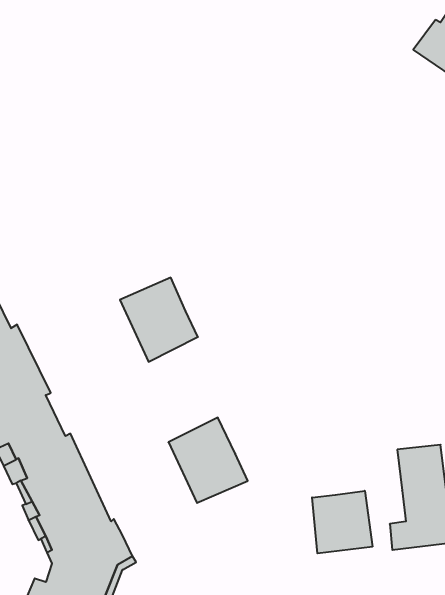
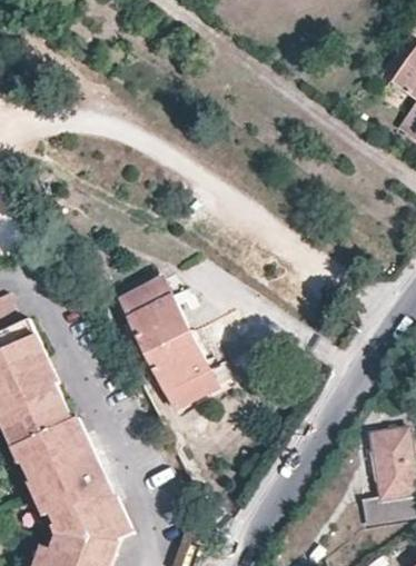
building: [168,418,248,503] -> [145,332,216,409]
building: [312,491,372,553] -> none

